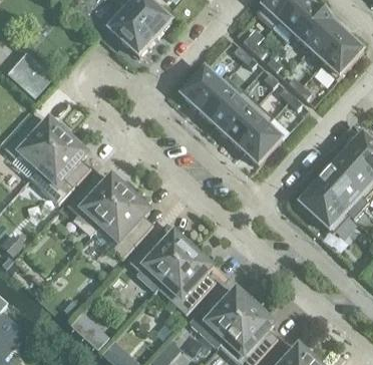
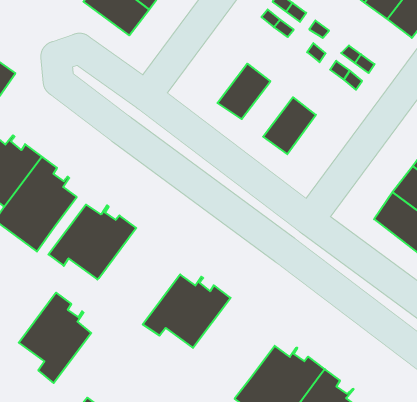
building: [181,68,221,108] -> none
building: [213,96,251,135] -> none
building: [243,123,282,163] -> none
building: [100,192,152,256] -> [19,293,91,383]
building: [157,248,215,312] -> none

